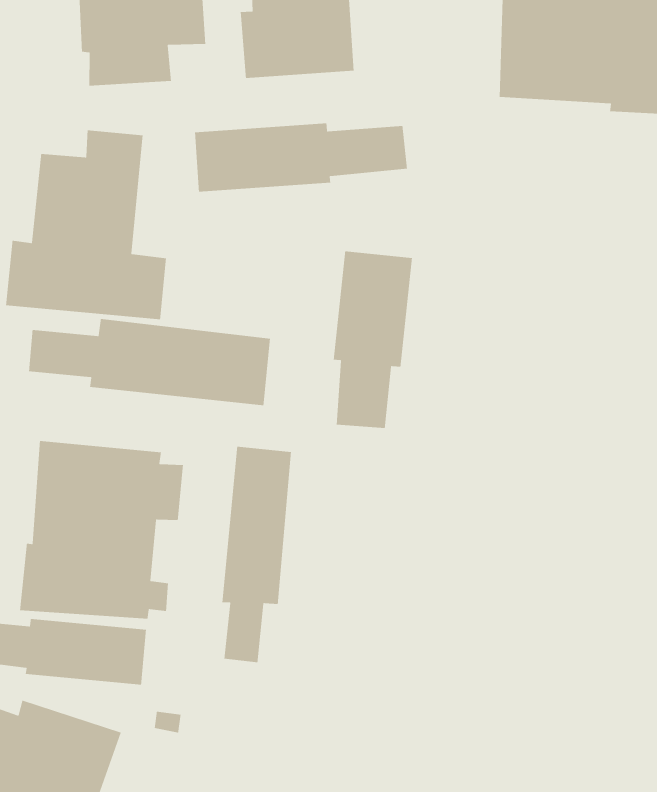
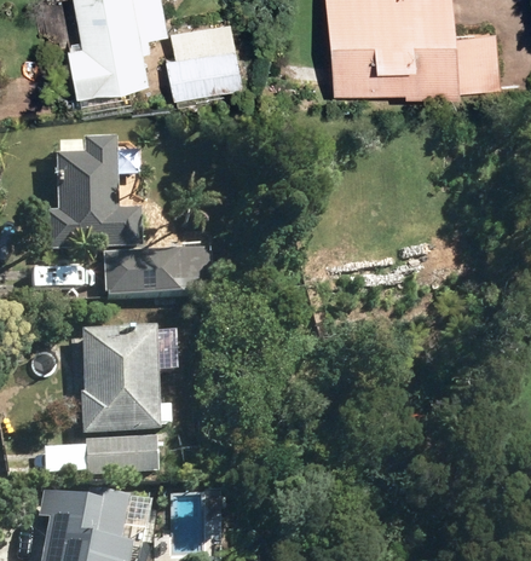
building: [194,122,408,193] -> none
building: [333,250,413,429] -> none
building: [221,446,292,663] -> none

